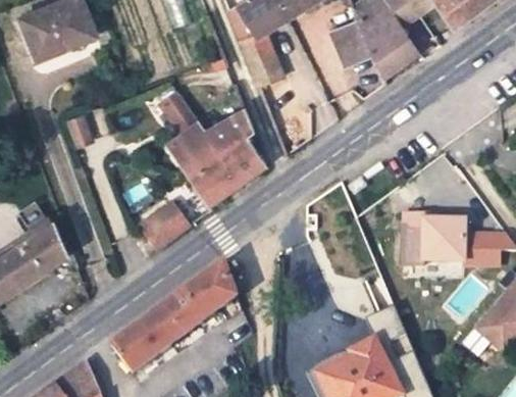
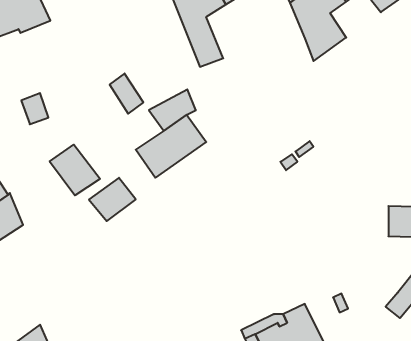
building: [331,18,373,64] -> none
building: [168,121,220,172] -> none
building: none -> [50,145,100,195]
building: [402,214,464,264] -> none
building: [109,263,236,374] -> none

